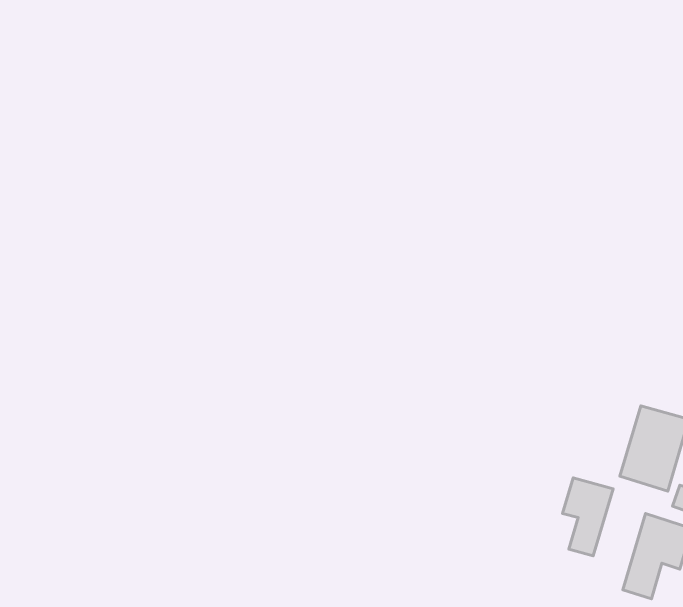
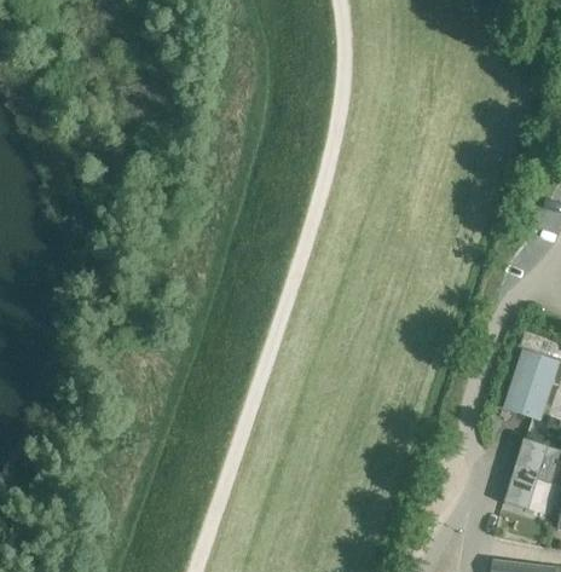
building: [563,478,613,556] -> none

